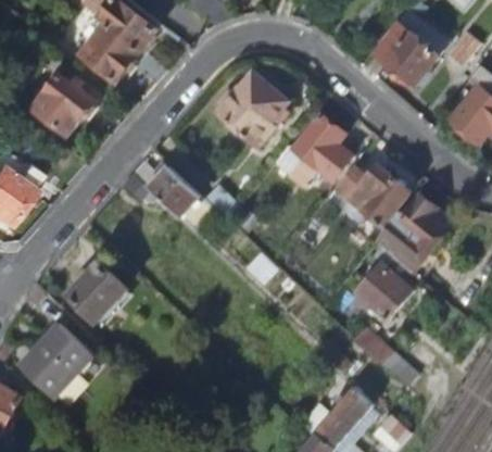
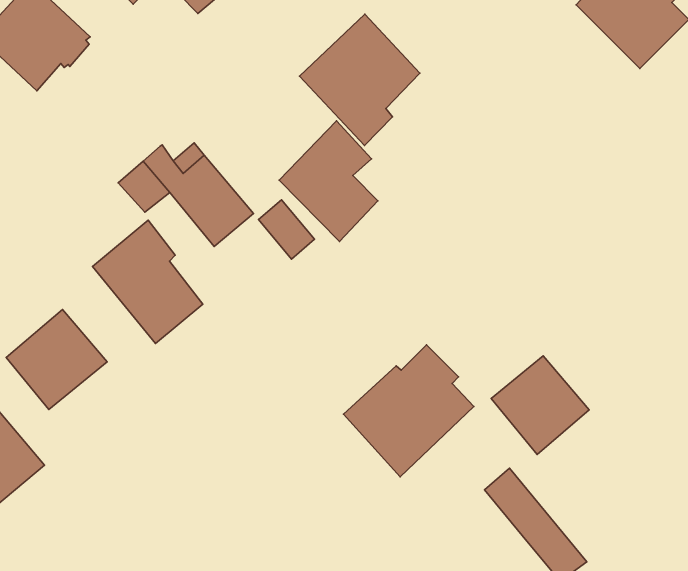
building: [292,110,351,179] -> [279,121,378,241]
building: [346,163,408,225] -> none
building: [375,194,450,273] -> [344,345,474,477]
building: none -> [92,220,203,343]

